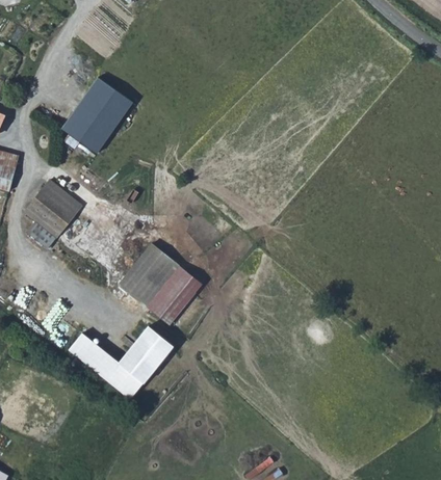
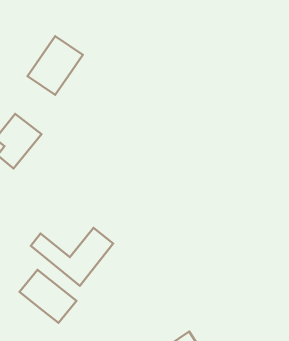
building: [121,243,203,327] -> none
building: none -> [20,270,77,323]

